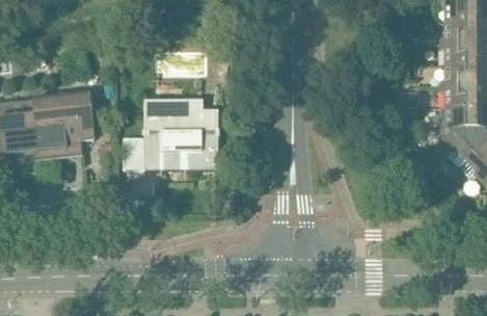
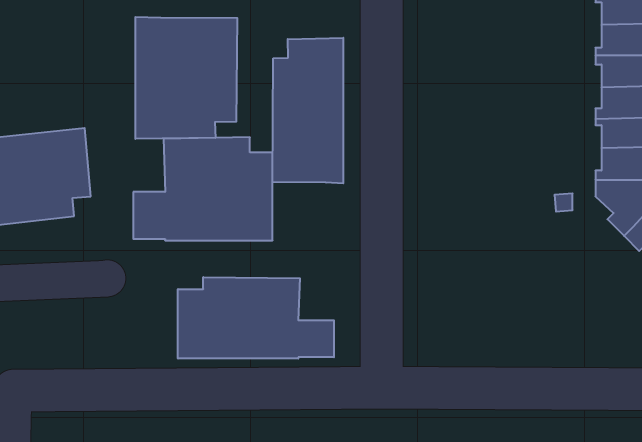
building: none -> [135,17,237,139]
building: none -> [273,38,343,183]
building: none -> [178,277,334,359]

